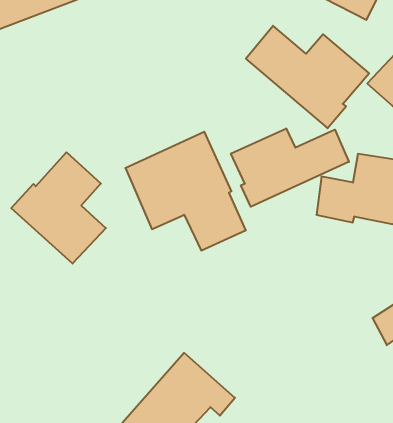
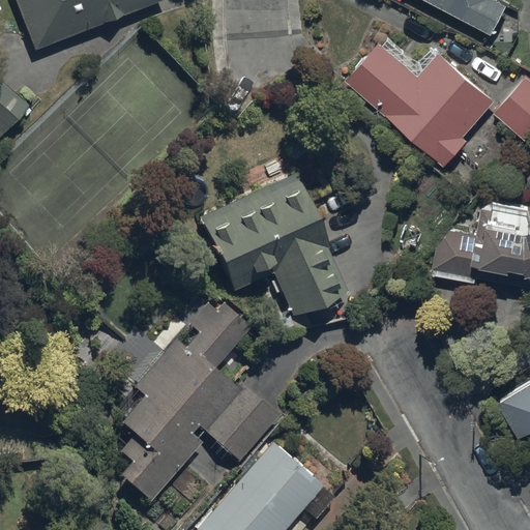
building: [231,128,349,207] -> none
building: [11,152,106,264] -> none
building: none -> [116,300,279,500]

